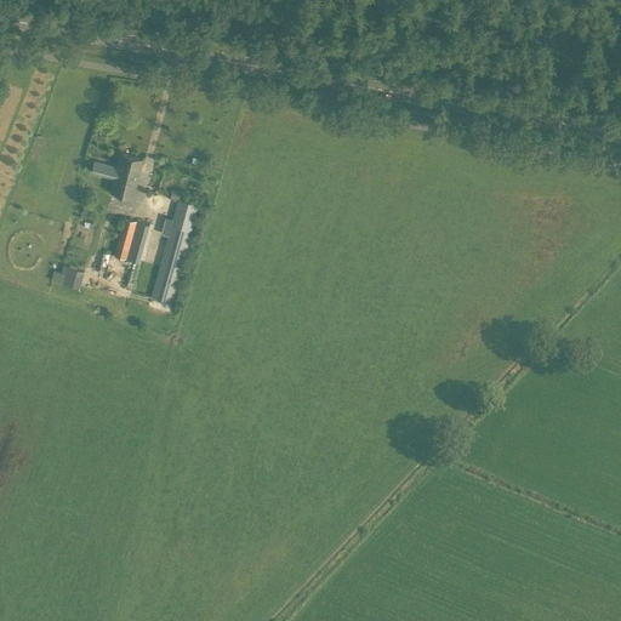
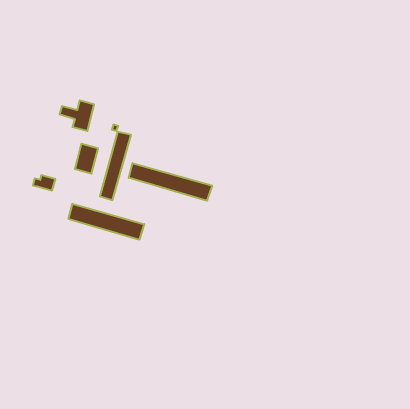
building: none -> [129,163,212,201]
building: none -> [69,204,144,240]

